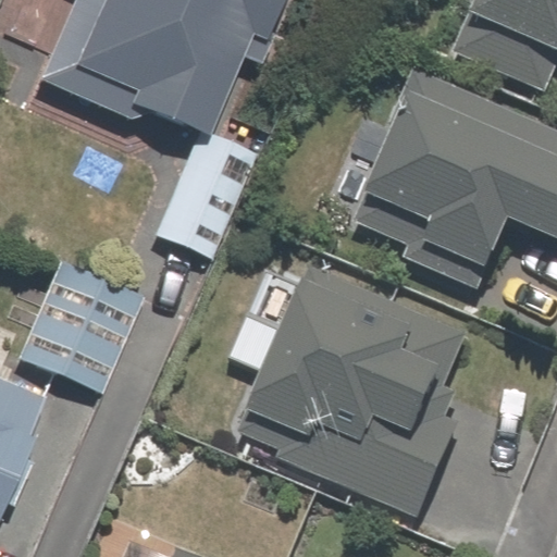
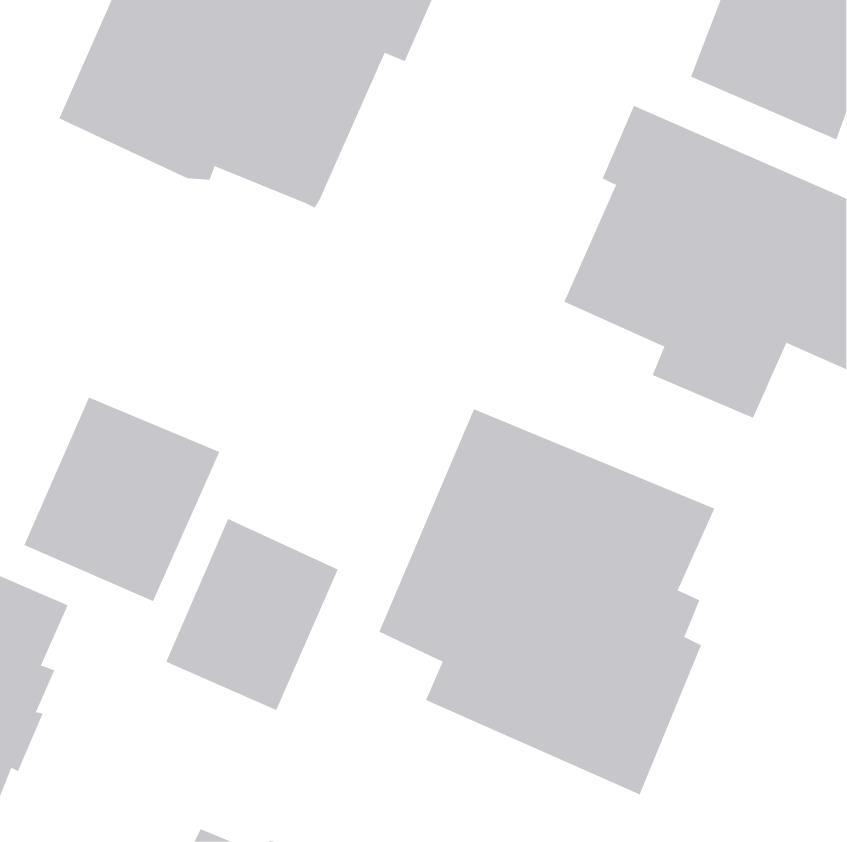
building: [156,131,255,256] -> none
building: none -> [166,518,338,711]

